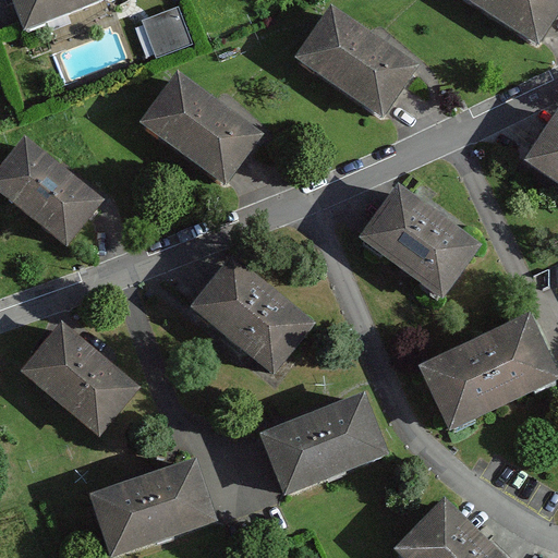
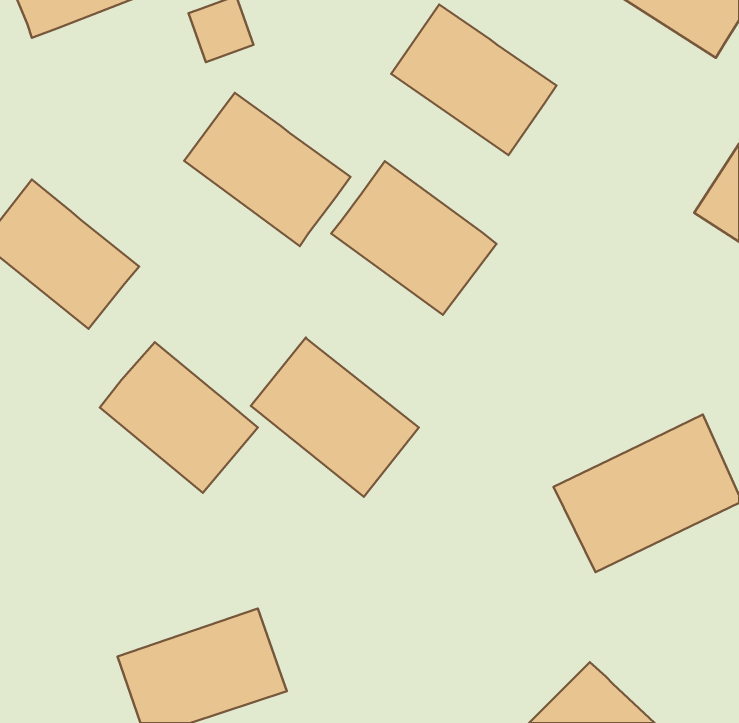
building: [357,183,482,299] -> [331,161,496,315]
building: [20,323,138,436] -> [100,342,258,493]
building: [260,391,389,495] -> none

